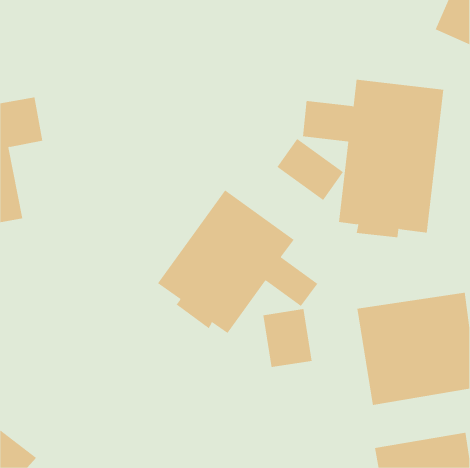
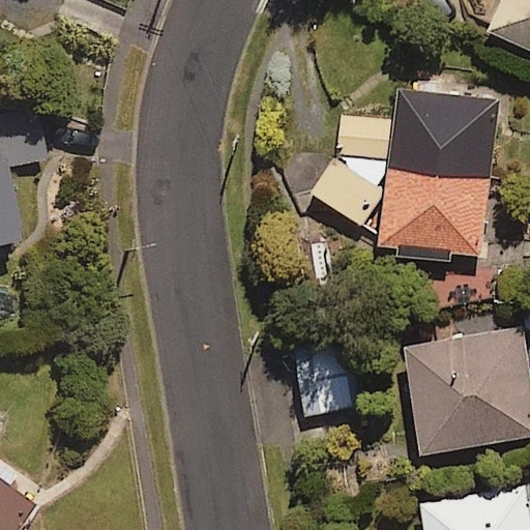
building: [157,189,318,334] -> none

